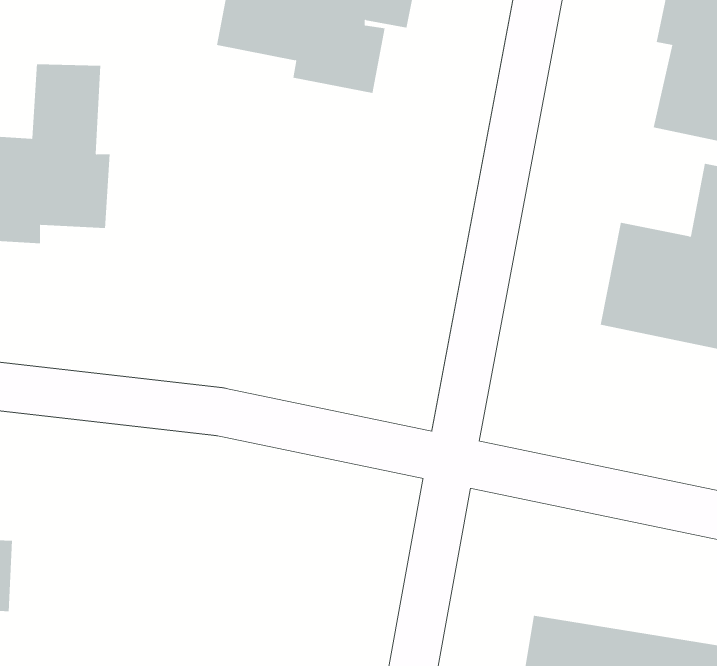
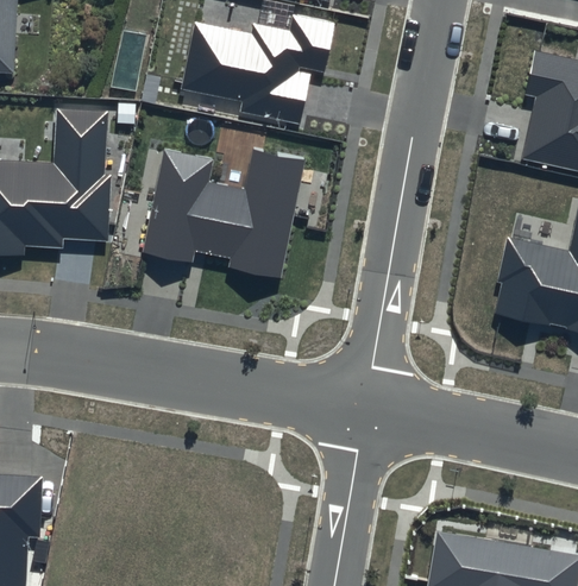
building: none -> [142,143,303,278]

